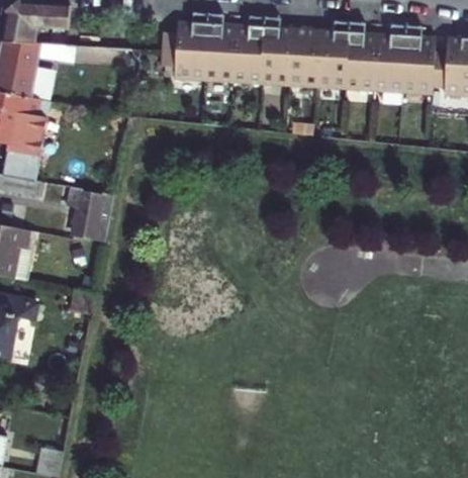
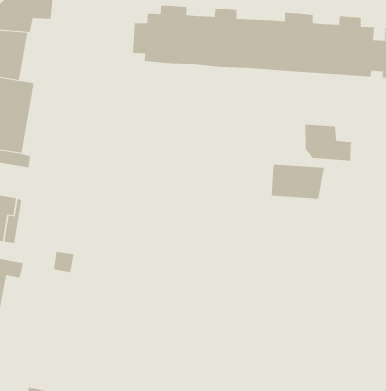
building: none -> [305,124,352,162]
building: [72,190,112,243] -> none
building: none -> [271,164,325,200]

